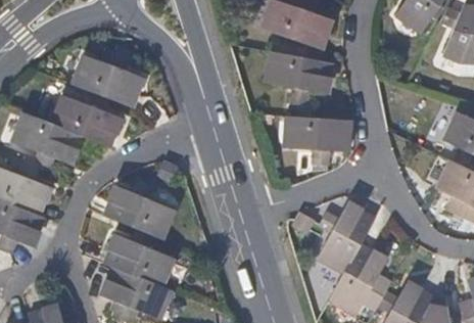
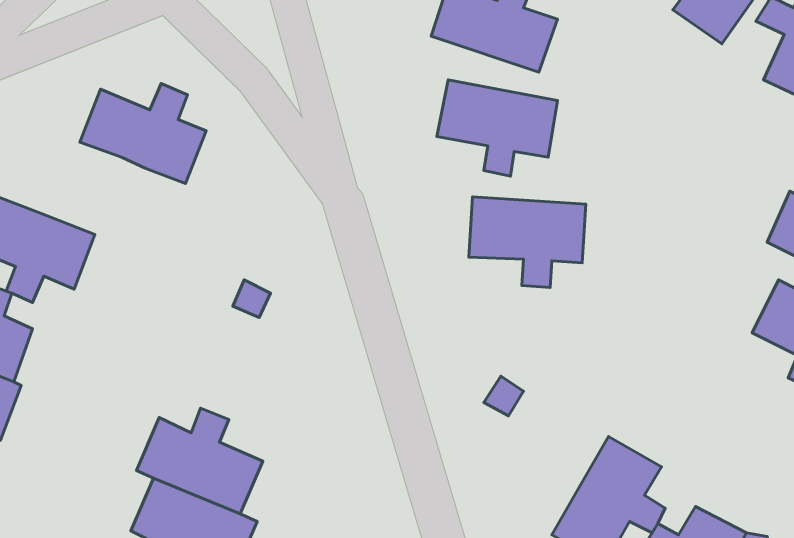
building: [53,94,122,147] -> none
building: [102,179,172,239] -> none
building: [319,203,375,272] -> none

